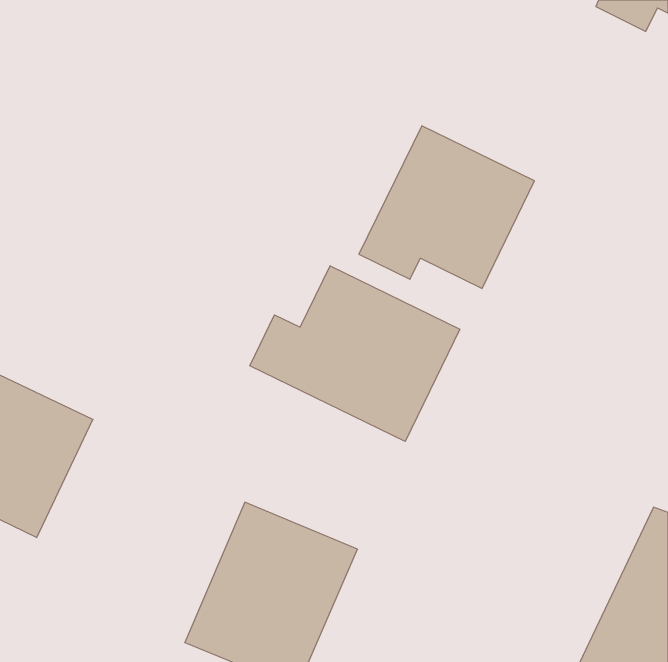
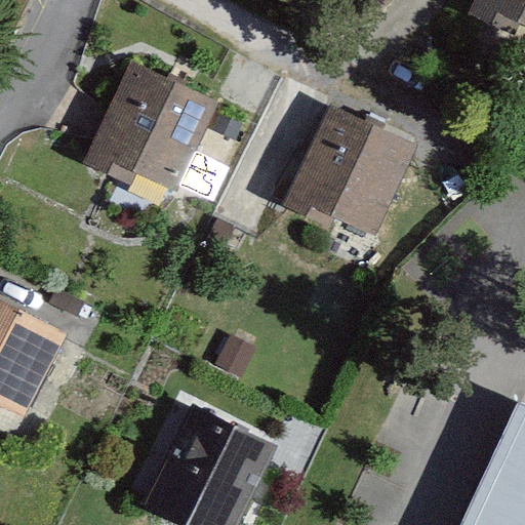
building: none -> [78,60,218,190]
building: [250,266,460,441] -> none

